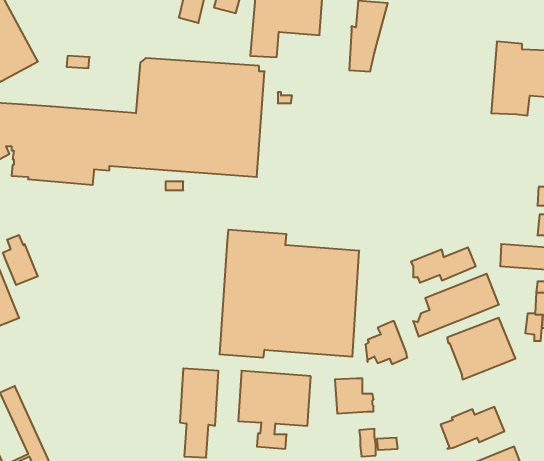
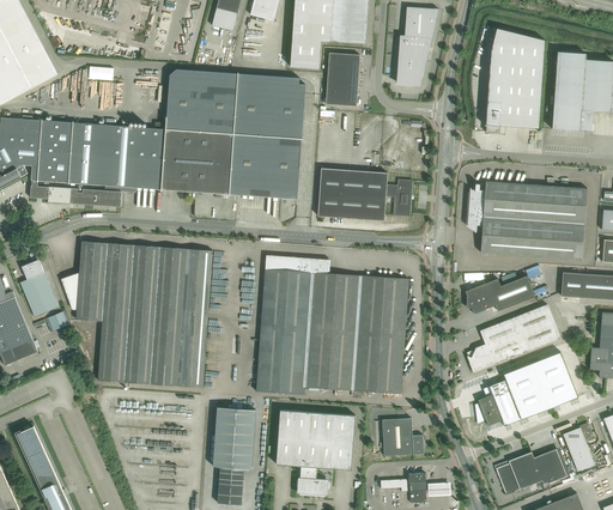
building: none -> [485,28,545,133]
building: none -> [326,53,360,107]
building: none -> [317,168,413,220]
building: none -> [467,181,587,260]
building: none -> [61,241,213,388]
building: [365,321,407,364] -> [475,380,521,426]
building: none -> [563,423,595,470]

